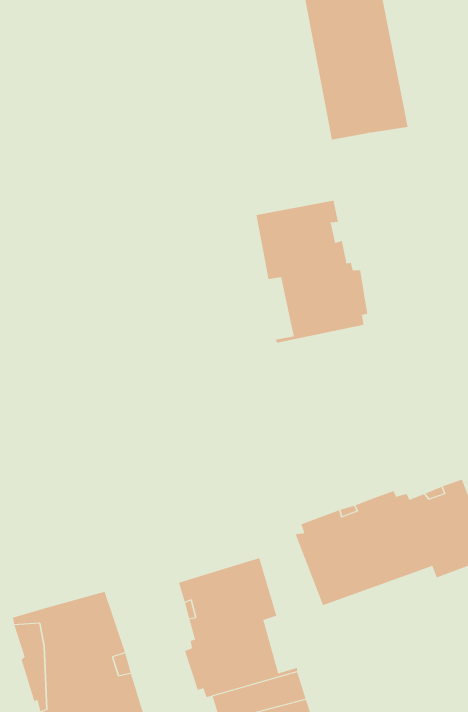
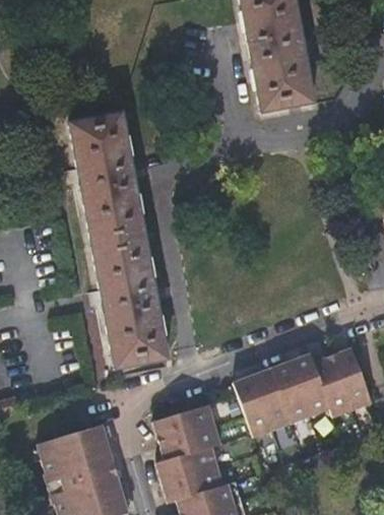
building: none -> [70,115,166,369]
building: [256,200,368,343] -> none

